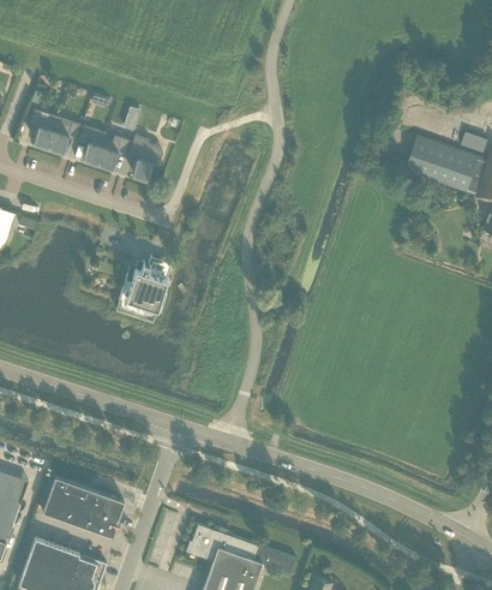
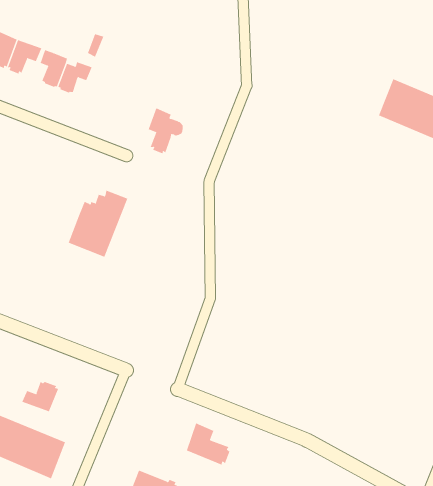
building: [127,135,162,179] -> [147,107,184,154]
building: none -> [22,381,59,412]
building: none -> [186,423,230,465]

